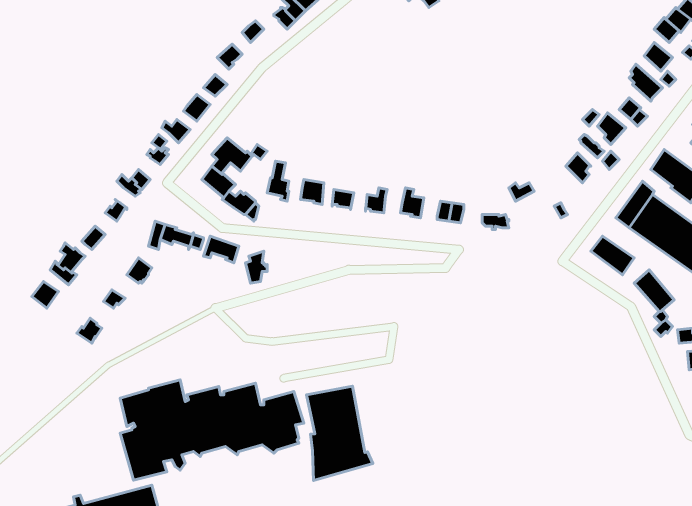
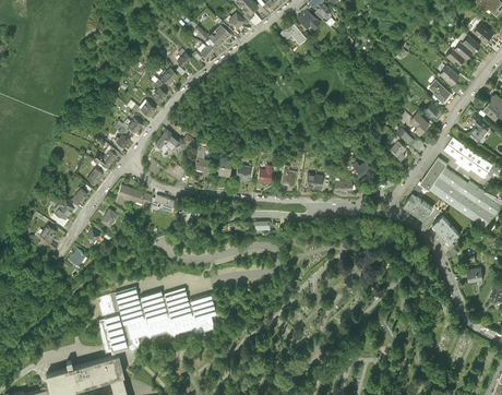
building: [307,386,373,480] -> none

